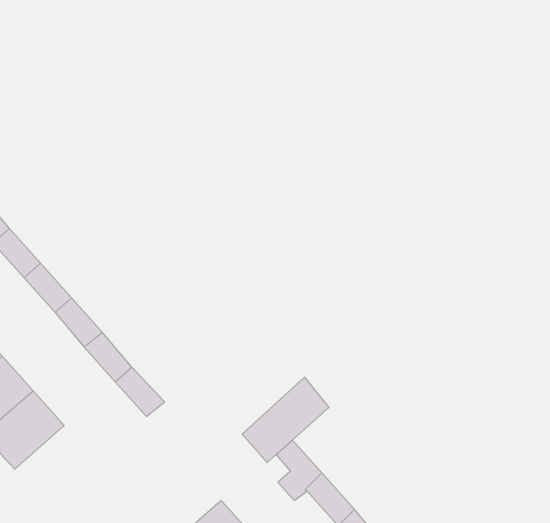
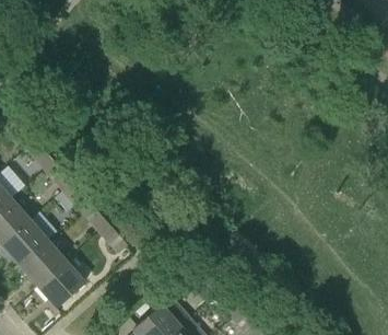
building: [242,377,329,463] -> none
building: none -> [38,261,87,309]

